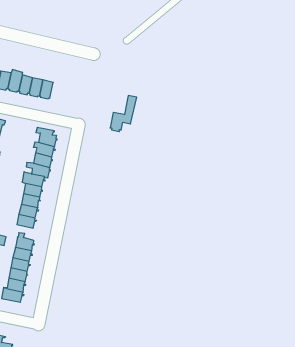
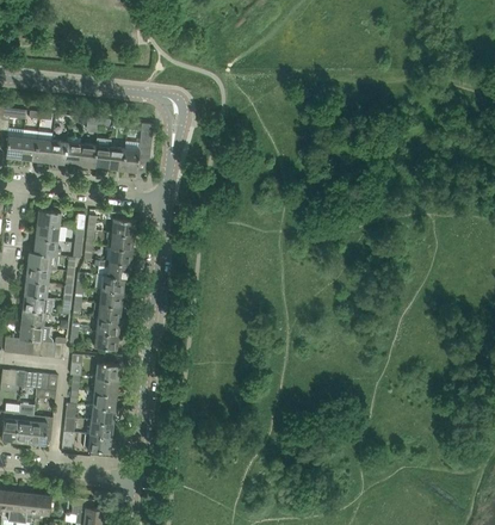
building: [110,96,137,132] -> [122,123,154,173]

